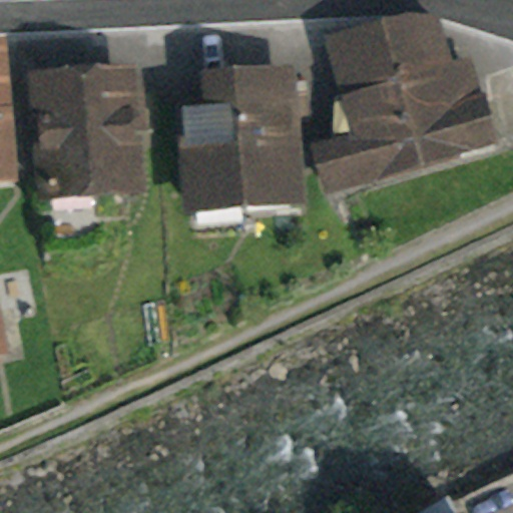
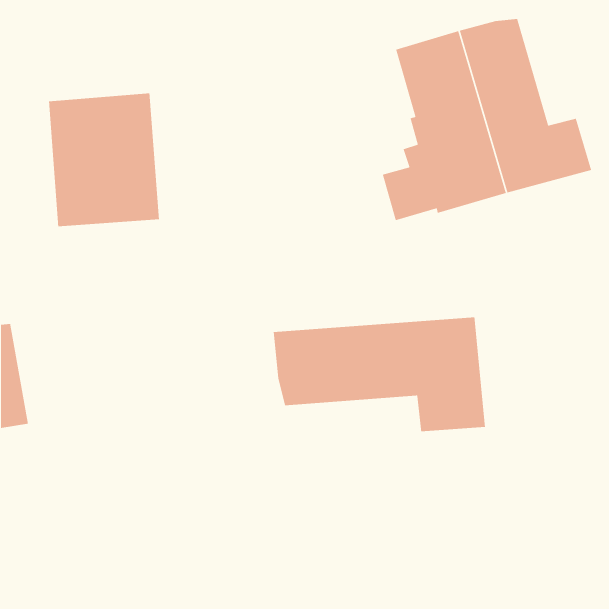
building: [189,75,299,204] -> none
building: none -> [273,316,486,432]

